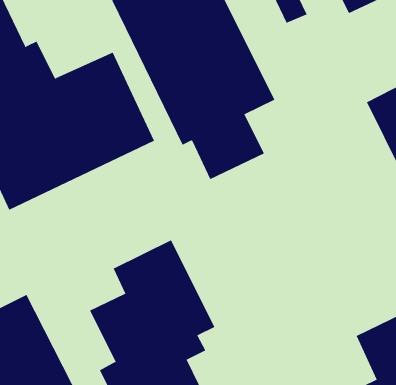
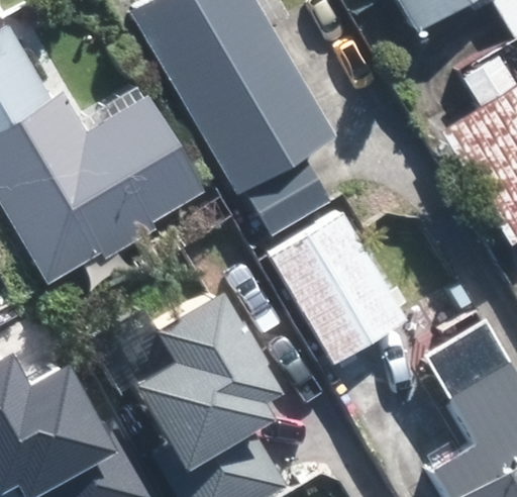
building: none -> [264,204,403,357]

